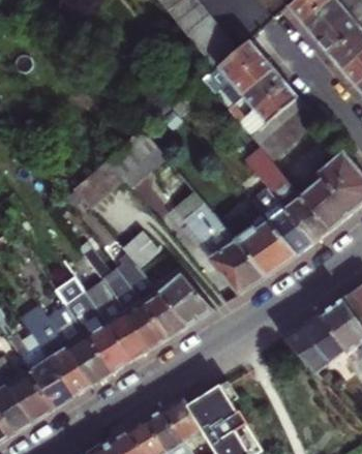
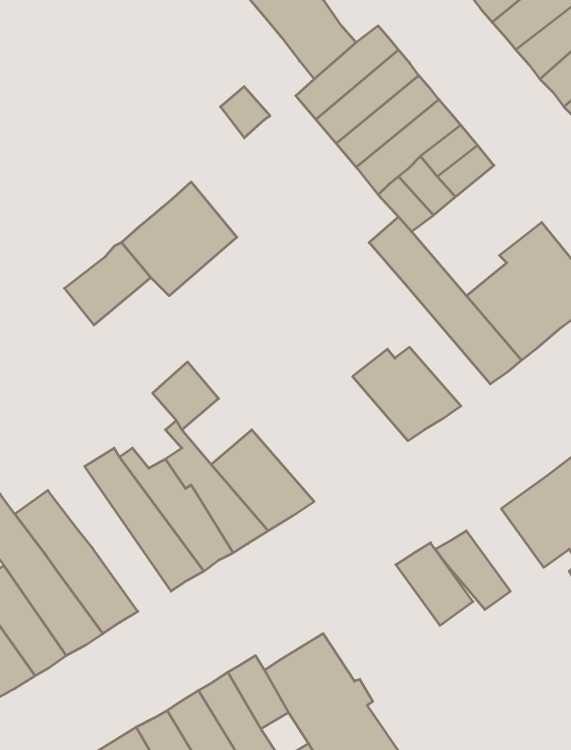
building: [249,186,312,254] -> none
building: [174,191,266,294] -> none
building: [51,270,132,370] -> none
building: [299,312,342,359] -> [396,543,473,625]

